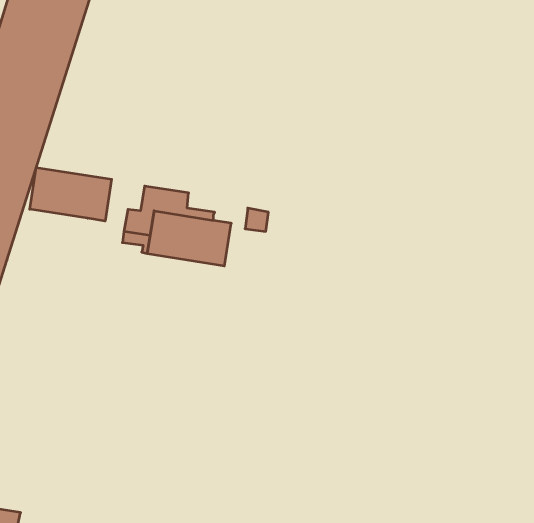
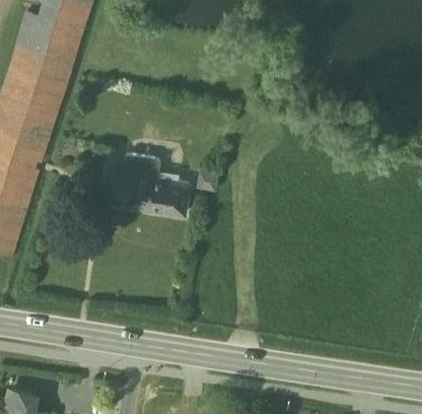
building: [30,168,112,221] -> none

